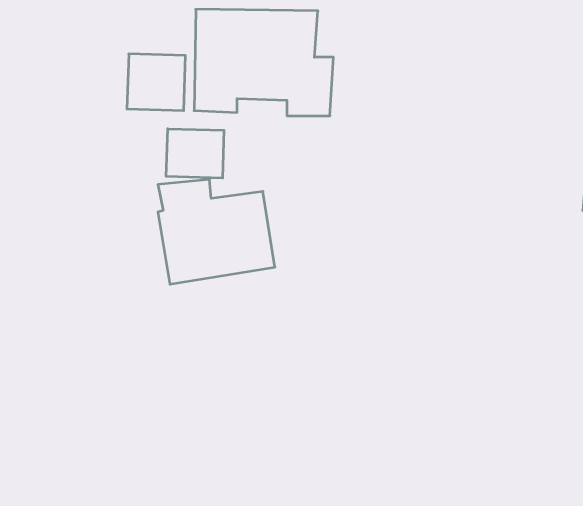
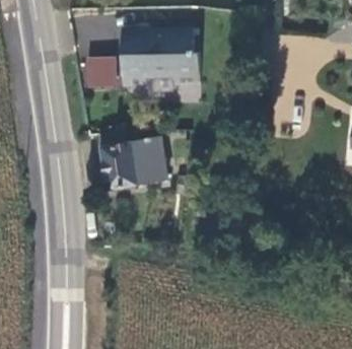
building: [166,129,224,178] -> none

